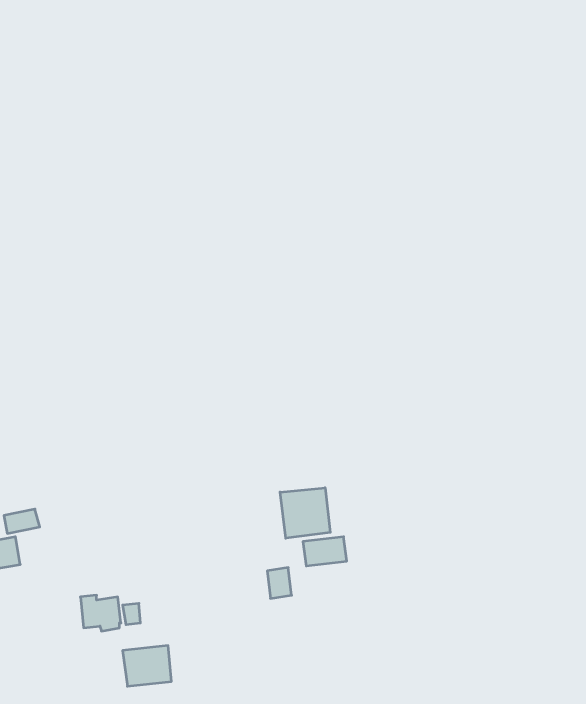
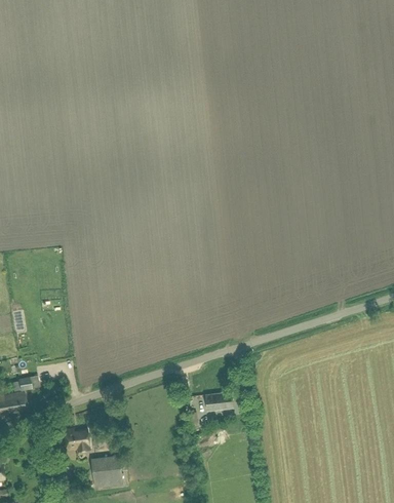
building: [280,488,330,538] -> none

